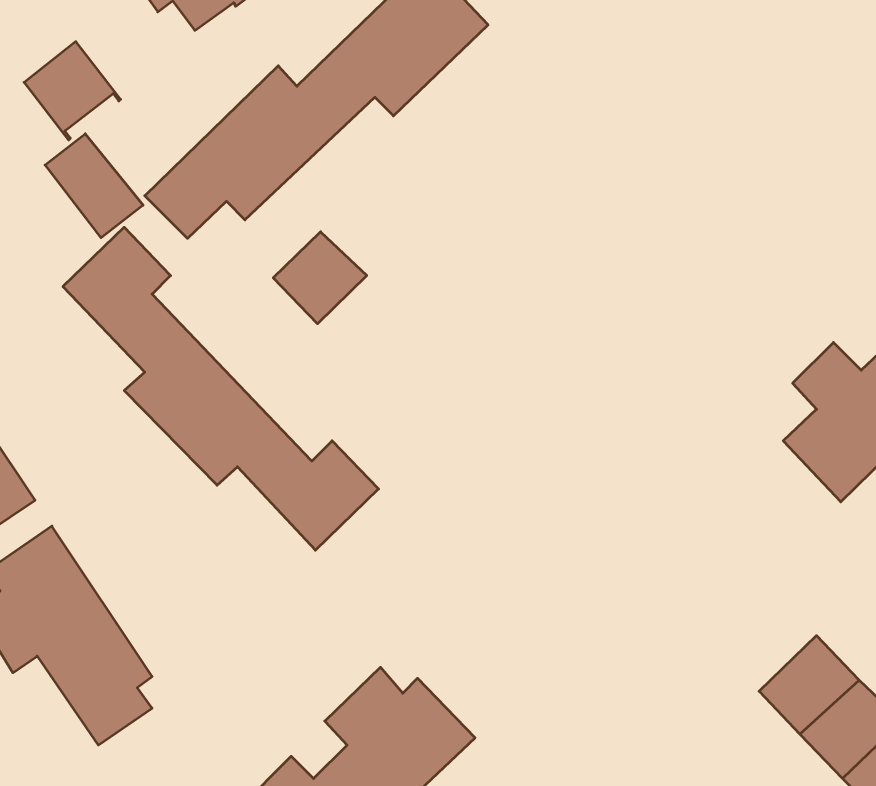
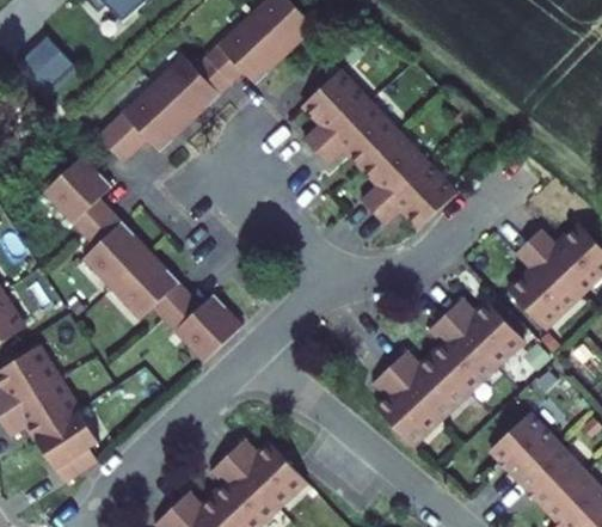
building: none -> [308,76,463,234]
building: [45,134,143,238] -> none
building: [273,232,367,324] -> none
building: none -> [368,298,522,449]

